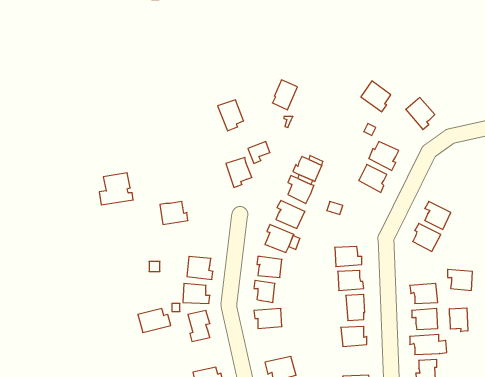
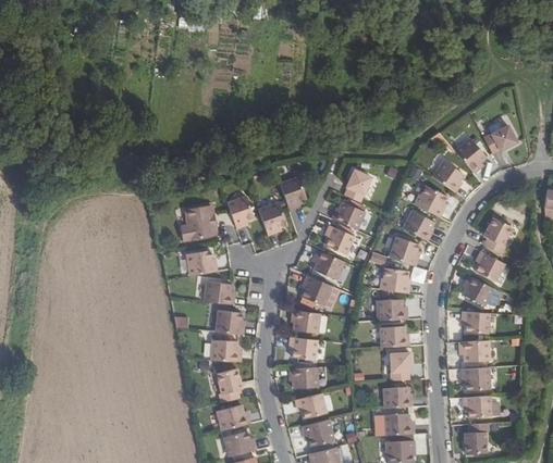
building: [272,80,297,110] -> [343,168,370,201]
building: [361,81,391,112] -> [429,157,462,190]
building: none -> [482,124,516,152]
building: [218,100,244,131] -> [225,195,254,228]
building: none -> [482,216,511,253]
building: [99,173,133,205] -> [180,205,217,240]
building: none -> [389,235,418,265]
building: none -> [379,267,408,292]
building: none -> [205,281,234,304]
building: [448,269,472,290] -> [460,310,488,333]
building: [449,308,468,332] -> none
building: [138,309,171,333] -> [214,403,250,429]
building: none -> [294,392,325,417]
building: none -> [383,412,414,434]

